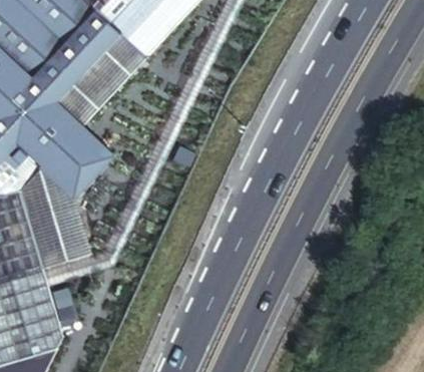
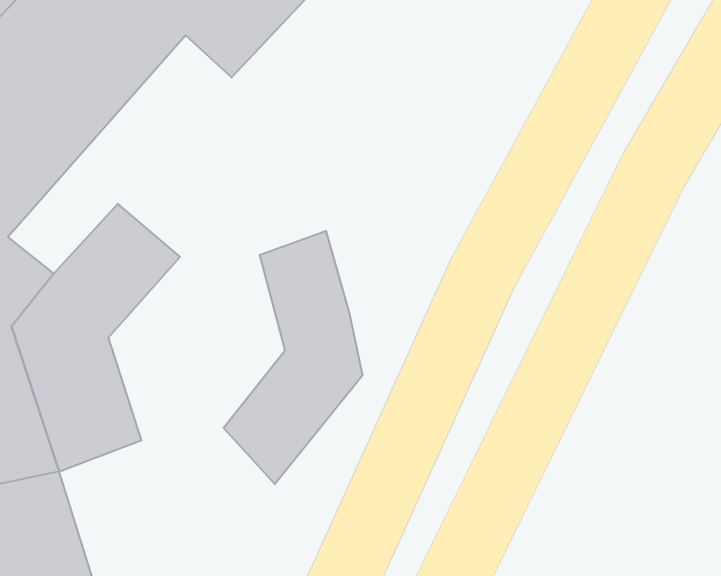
building: [16,39,137,169] -> none
building: none -> [223,231,362,484]

